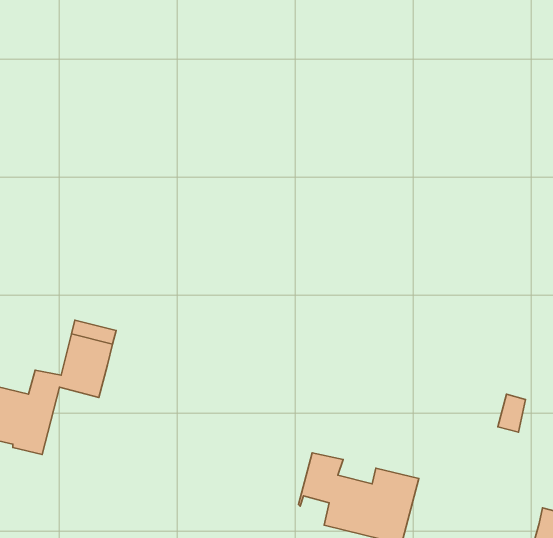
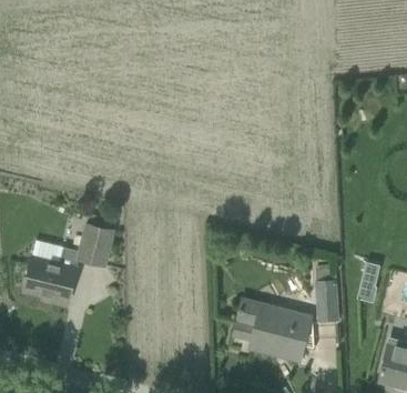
building: none -> [316,265,337,323]

